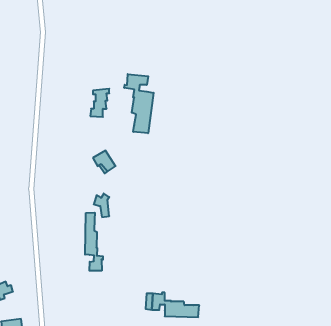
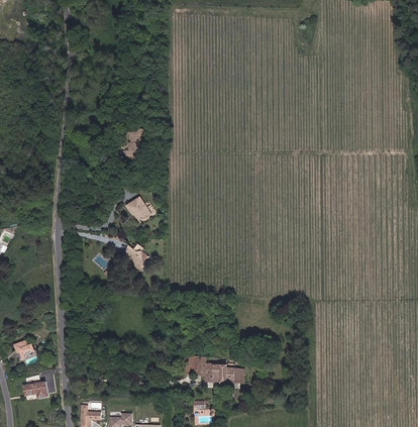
building: [124,74,154,133] -> none
building: [85,213,103,271] -> none

